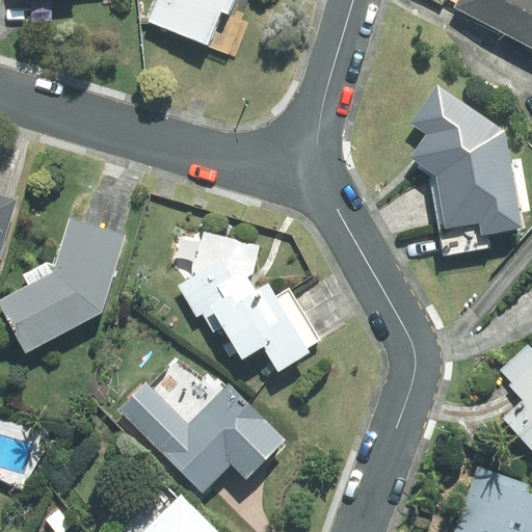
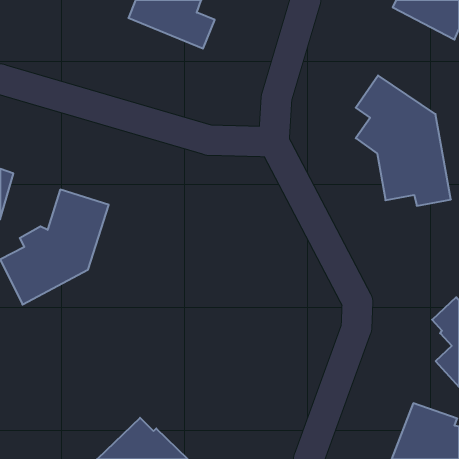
building: [178,232,320,371] -> none
building: [118,358,285,491] -> none

